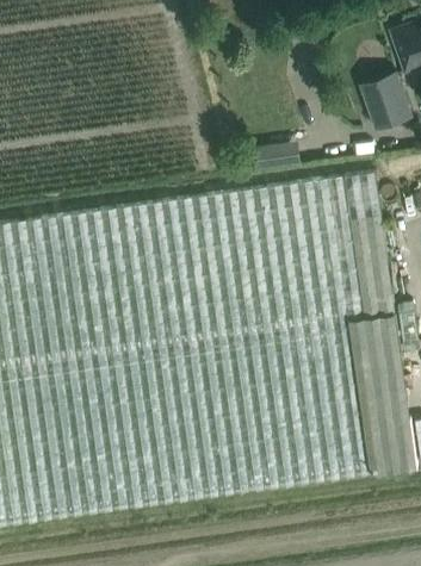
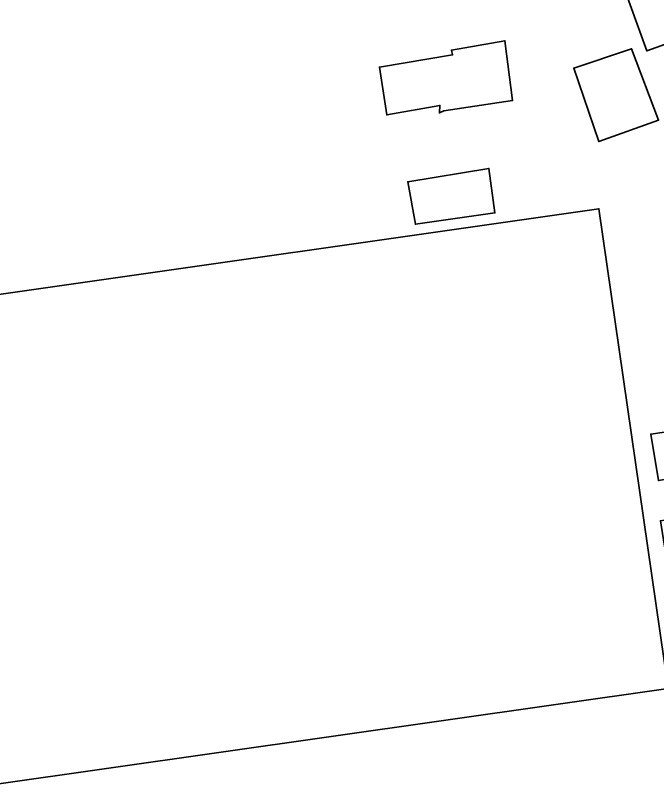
building: none -> [380,41,512,115]

